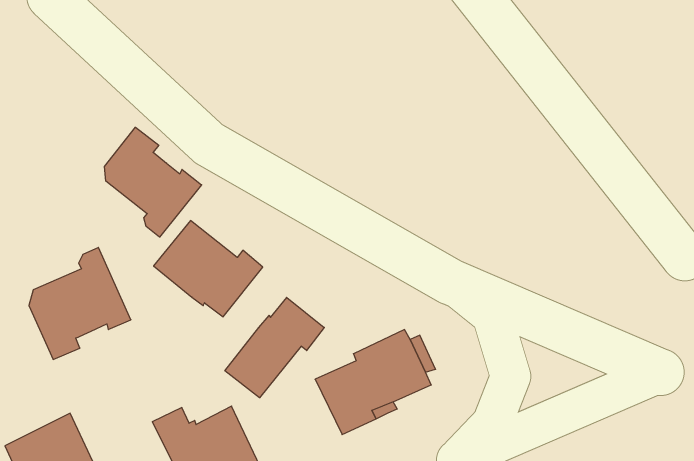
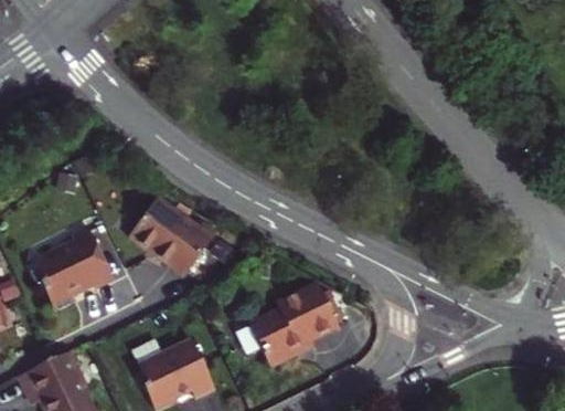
building: [104,127,202,237] -> none
building: [225,297,324,398] -> none

